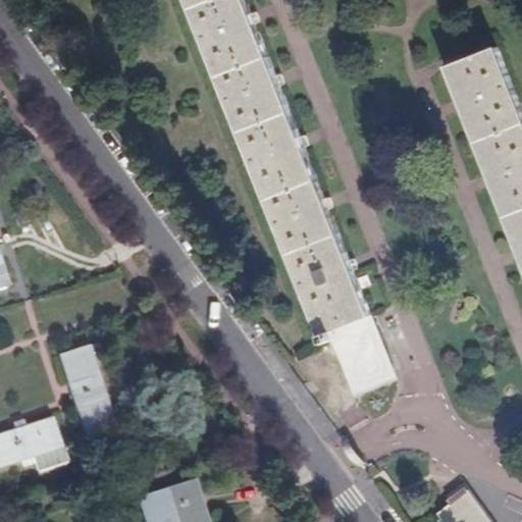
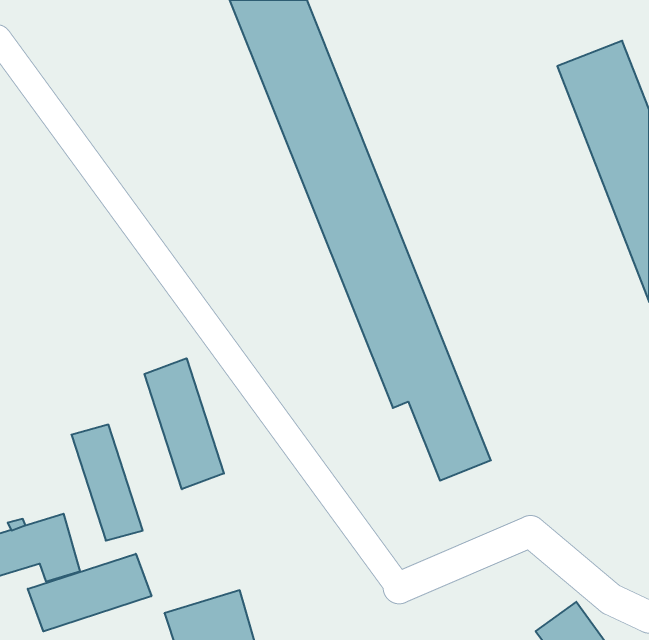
building: none -> [144,358,224,489]
building: none -> [28,554,151,631]

